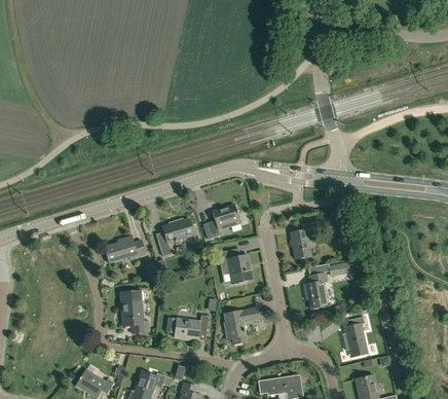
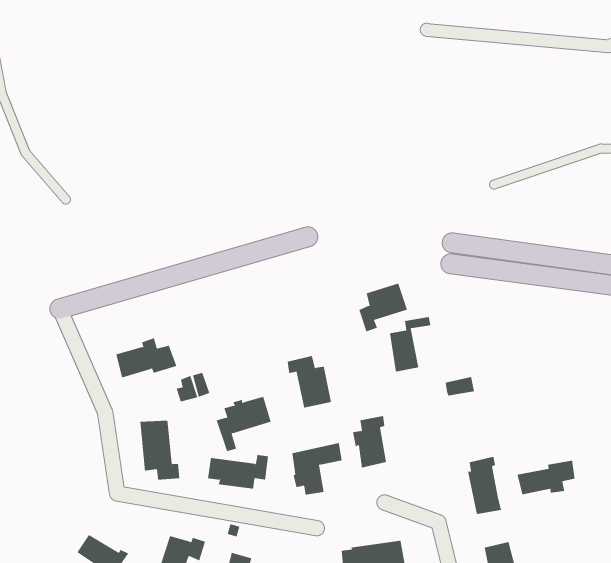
building: [207,205,240,239] -> [358,283,408,332]
building: [156,218,194,256] -> [216,396,271,452]
building: [304,274,328,310] -> [352,416,387,468]
building: none -> [517,460,575,495]

